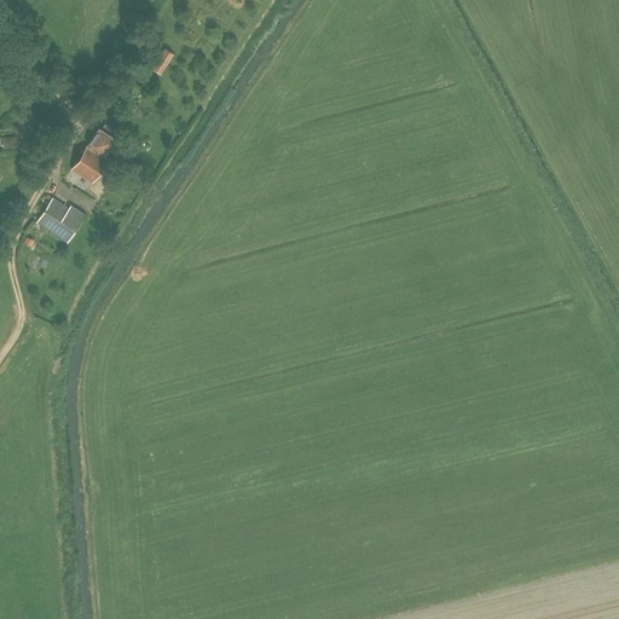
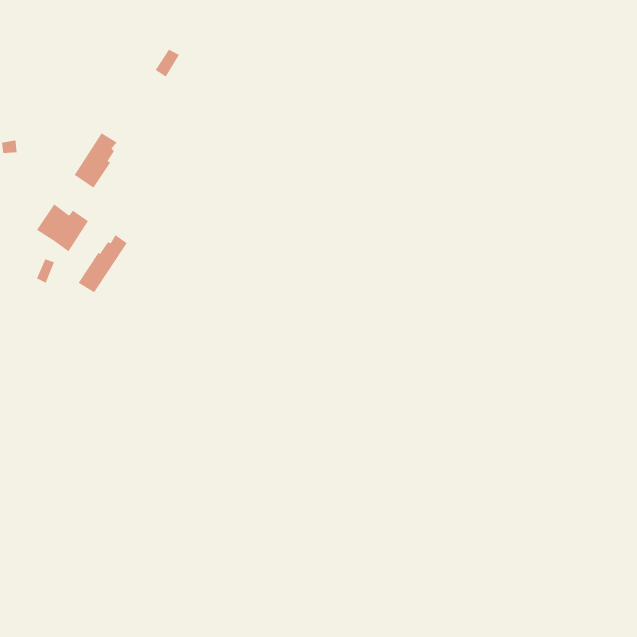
building: none -> [78,234,127,293]

